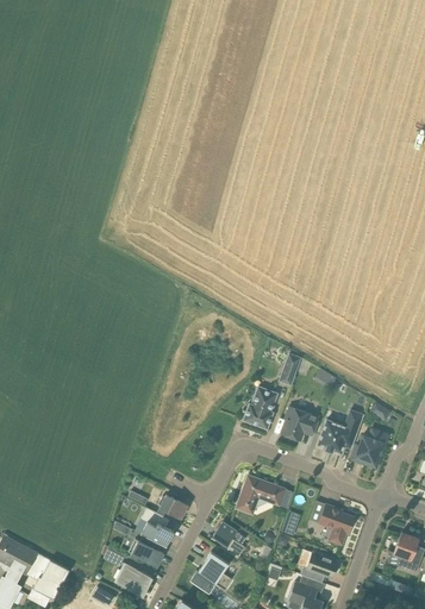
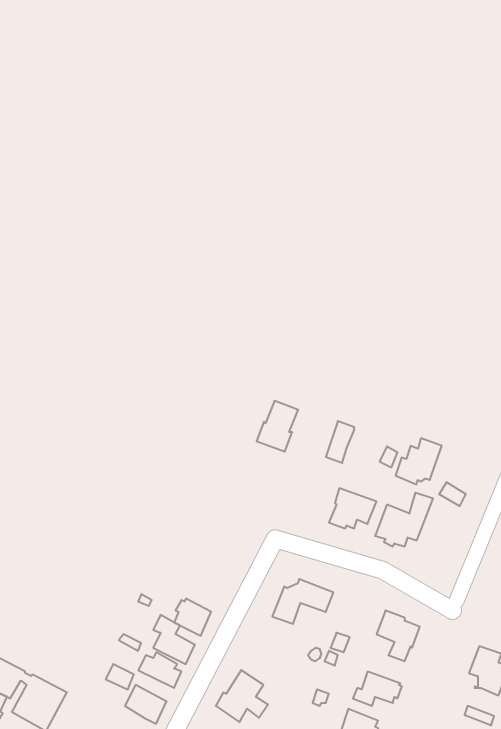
building: [244,388,277,428] -> [257,401,298,452]
building: [351,429,388,466] -> [396,438,442,484]
building: [213,522,245,560] -> none

